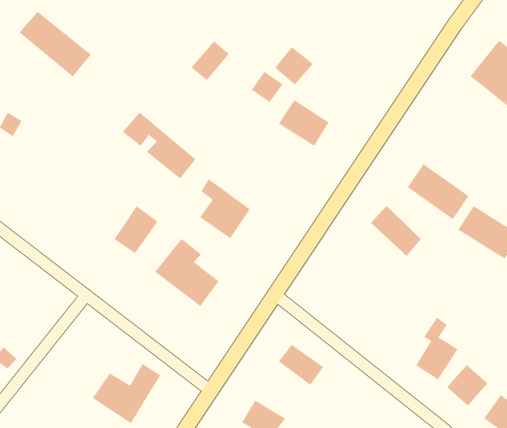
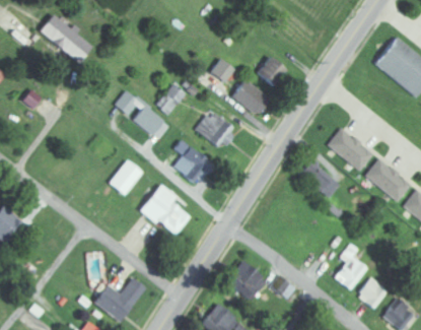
building: [191,40,230,81] -> [156,84,186,115]
building: [274,46,314,86] -> [258,57,287,86]
building: none -> [196,111,235,149]

